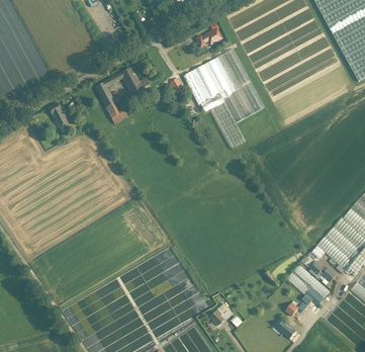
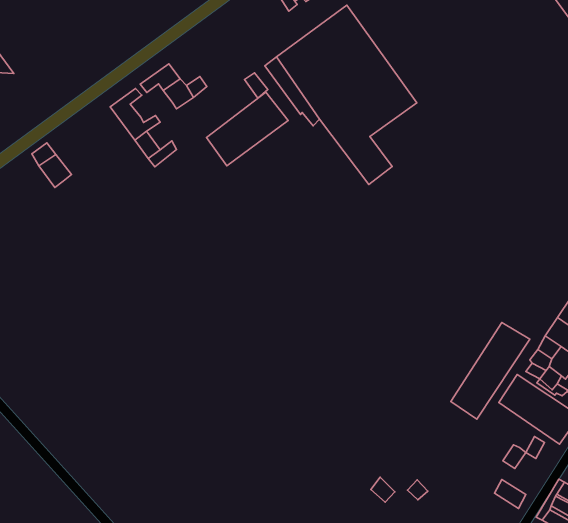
building: none -> [206,92,288,166]
building: none -> [451,322,530,419]

